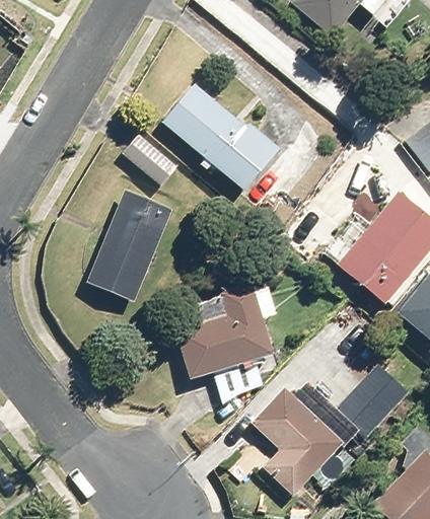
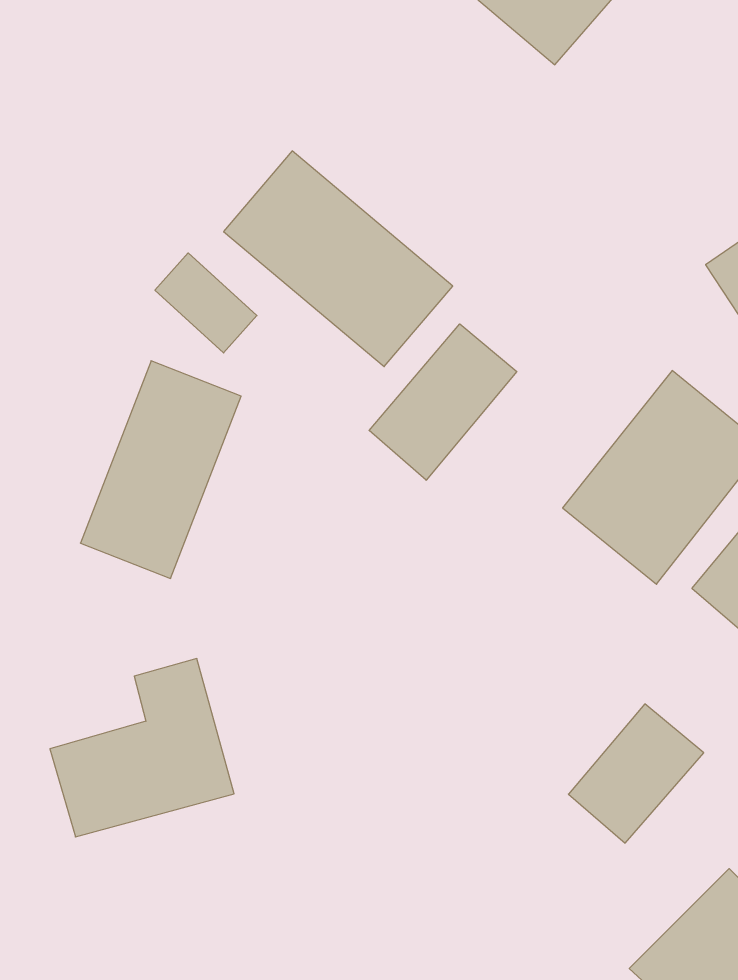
building: none -> [369,324,517,480]
building: [176,286,272,378] -> [50,659,234,837]
building: [249,388,340,495] -> none

